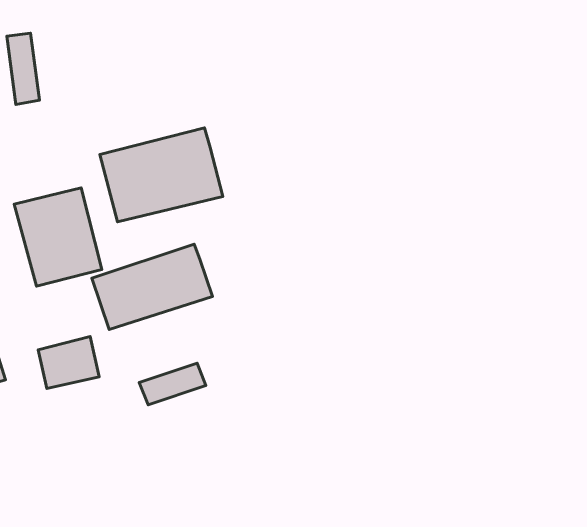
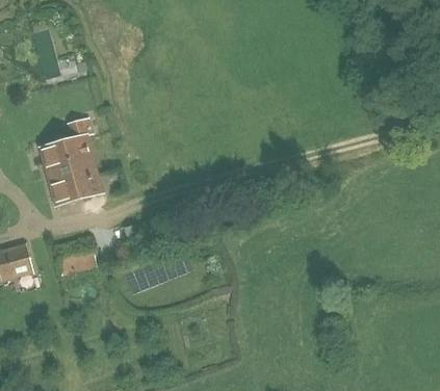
building: [100,128,223,222] -> none
building: [92,244,212,330] -> none

